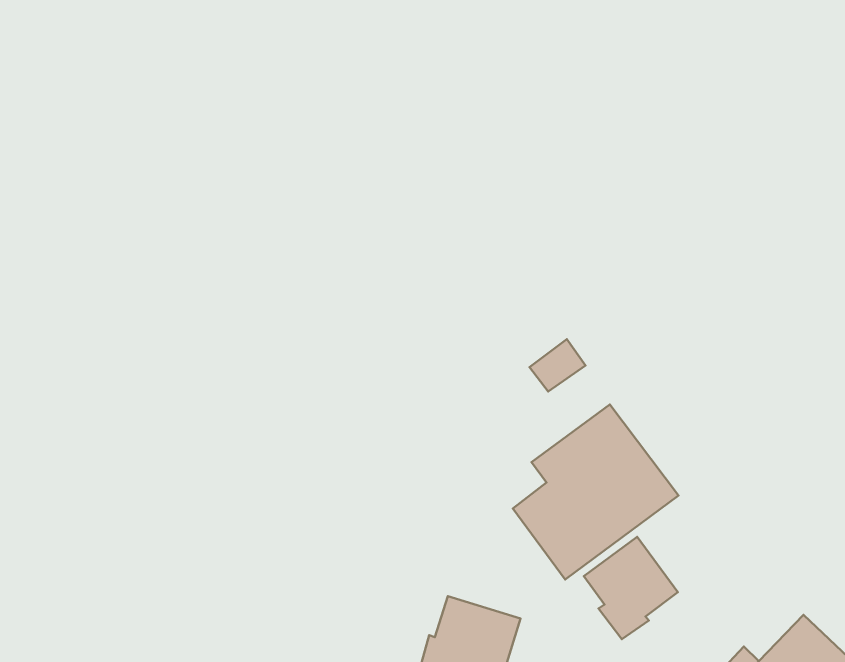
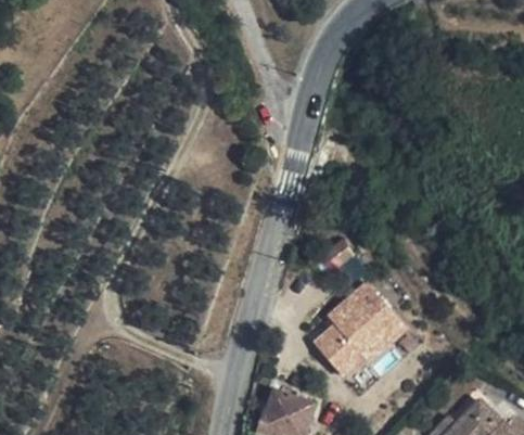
building: [584,537,678,639] -> none

